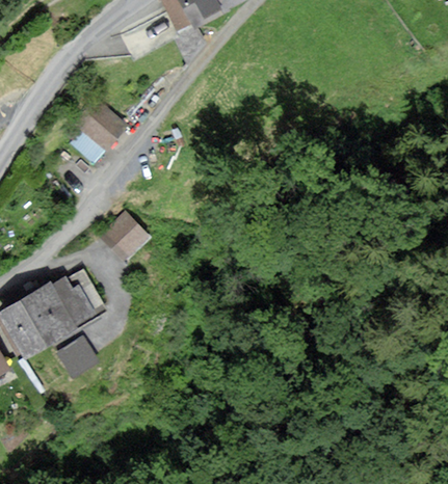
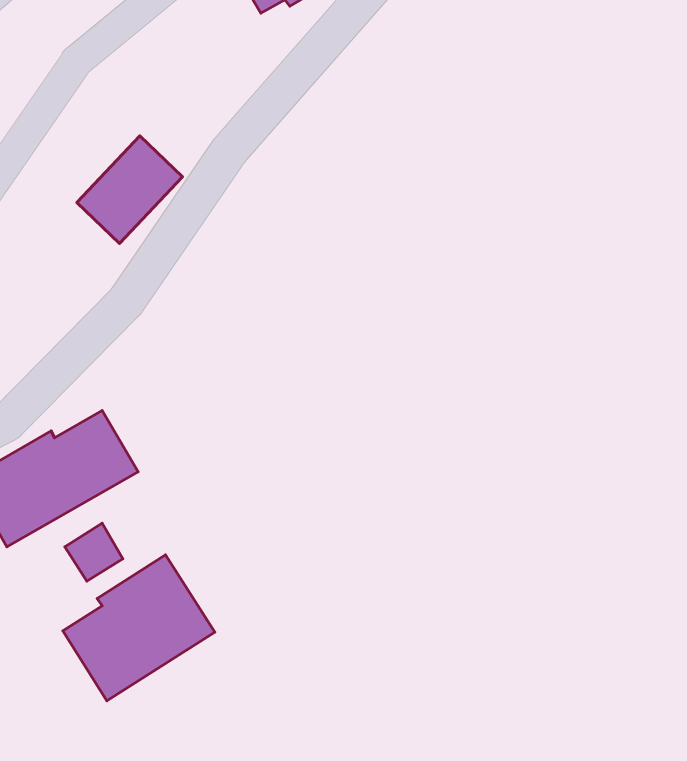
building: [102,213,146,257] -> none
building: none -> [63,555,215,701]

